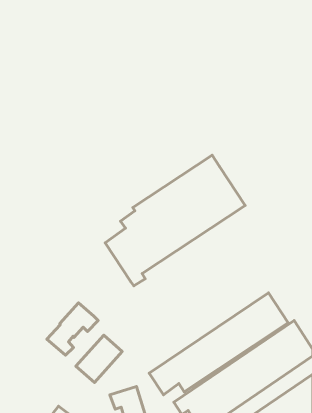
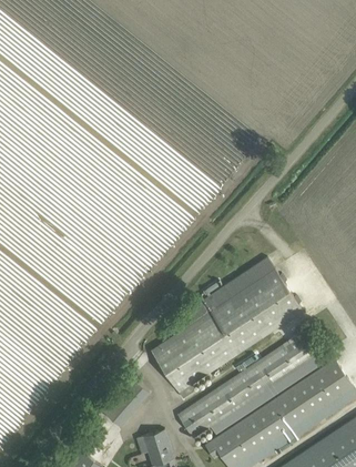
building: [105,155,245,286] -> [151,257,302,398]
building: [47,303,98,355] -> none

